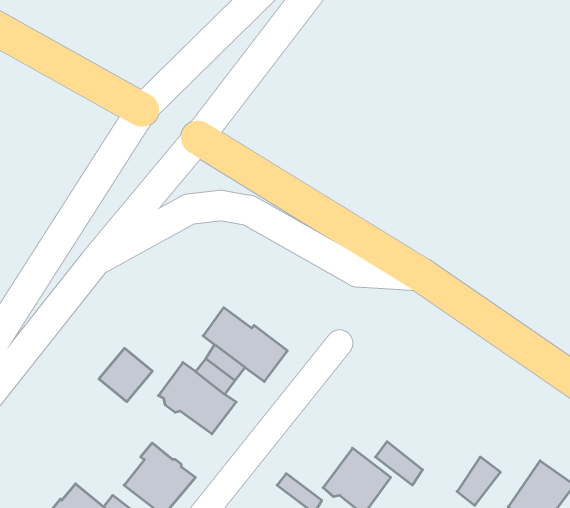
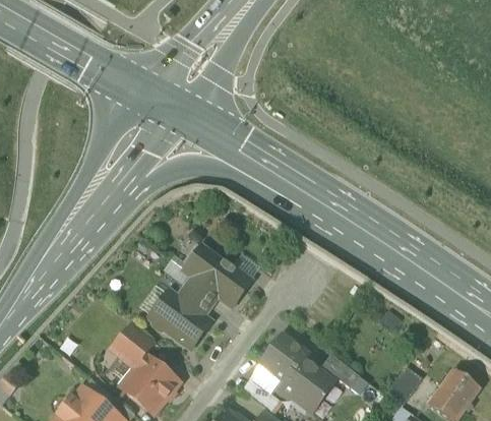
building: [99,348,152,402] -> [112,323,155,366]
building: none -> [259,336,307,392]

